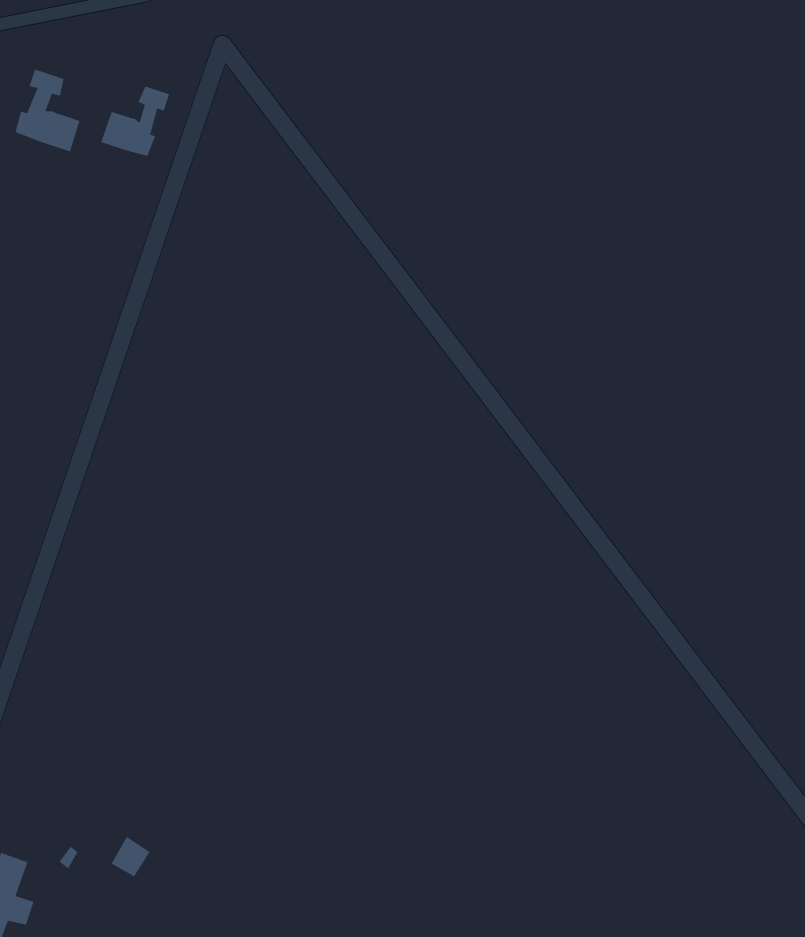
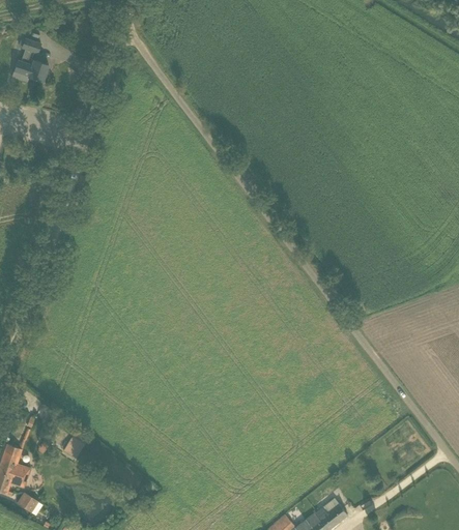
building: [100,85,170,157] -> none

